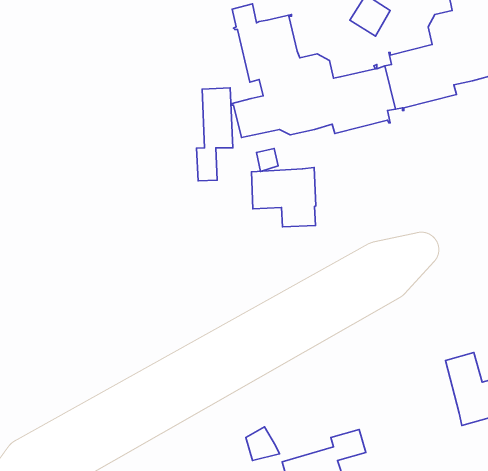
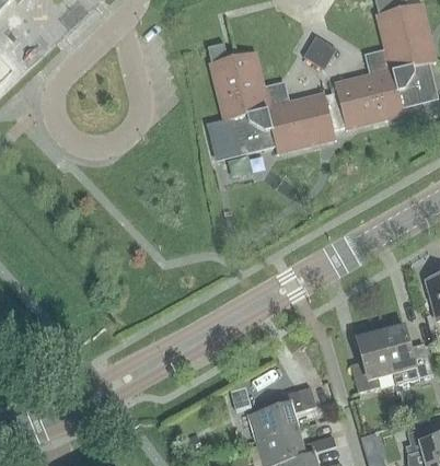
building: [197,88,233,181] -> none
building: [251,167,316,227] -> none
building: none -> [351,331,392,392]

